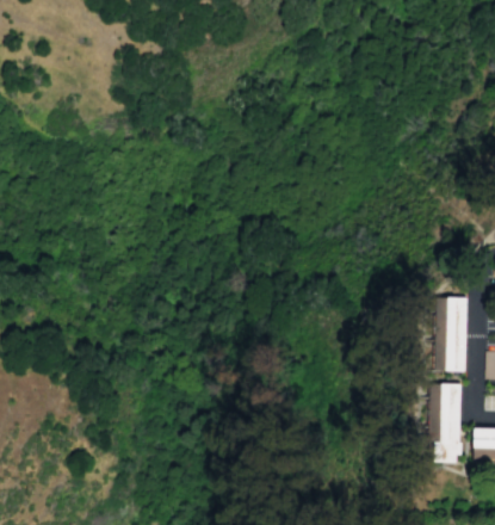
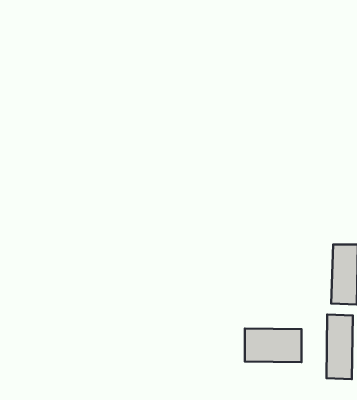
building: none -> [245,328,302,362]

